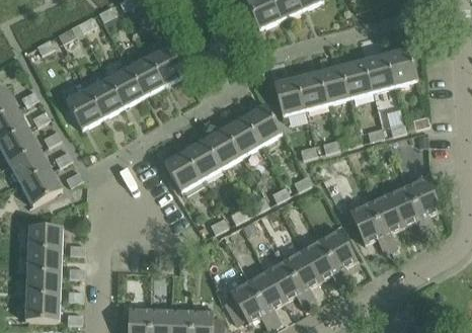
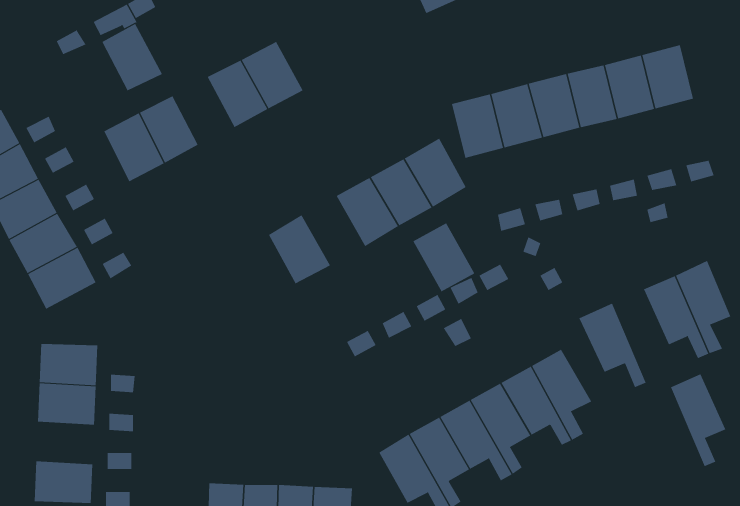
building: [107,67,144,107] -> [102,23,163,91]
building: [184,138,222,179] -> [412,222,475,292]
building: [370,193,403,249] -> [670,373,726,467]
building: [25,272,61,298] -> none

